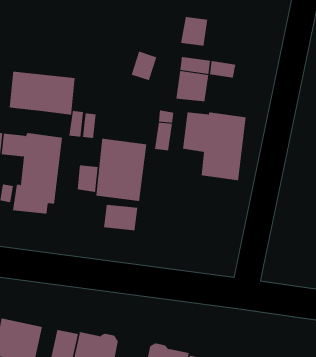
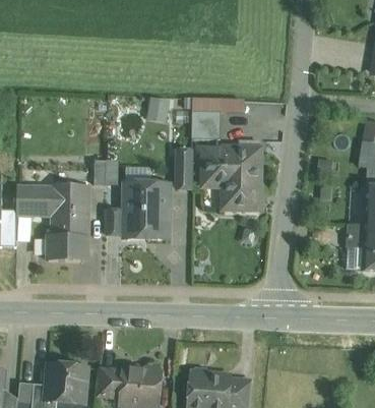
building: [181,16,208,47] -> none
building: [9,71,75,115] -> none
building: [103,203,138,231] -> none

